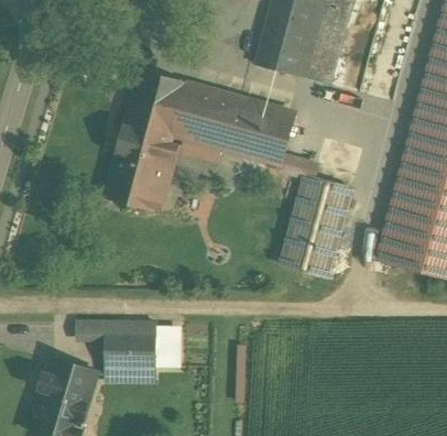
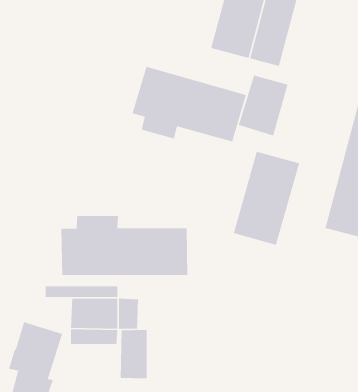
building: [103,68,185,208] -> none
building: none -> [238,75,289,137]
building: none -> [61,215,188,276]
building: none -> [120,329,147,379]

